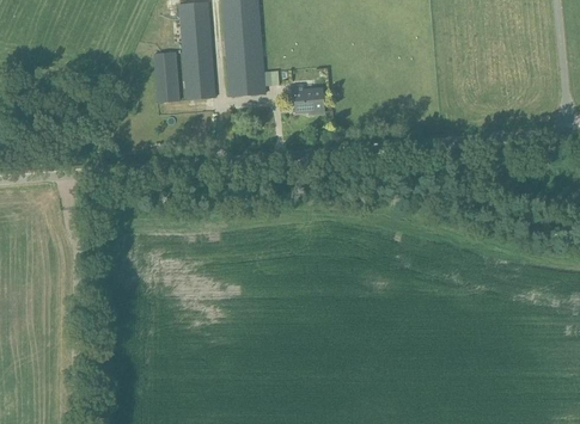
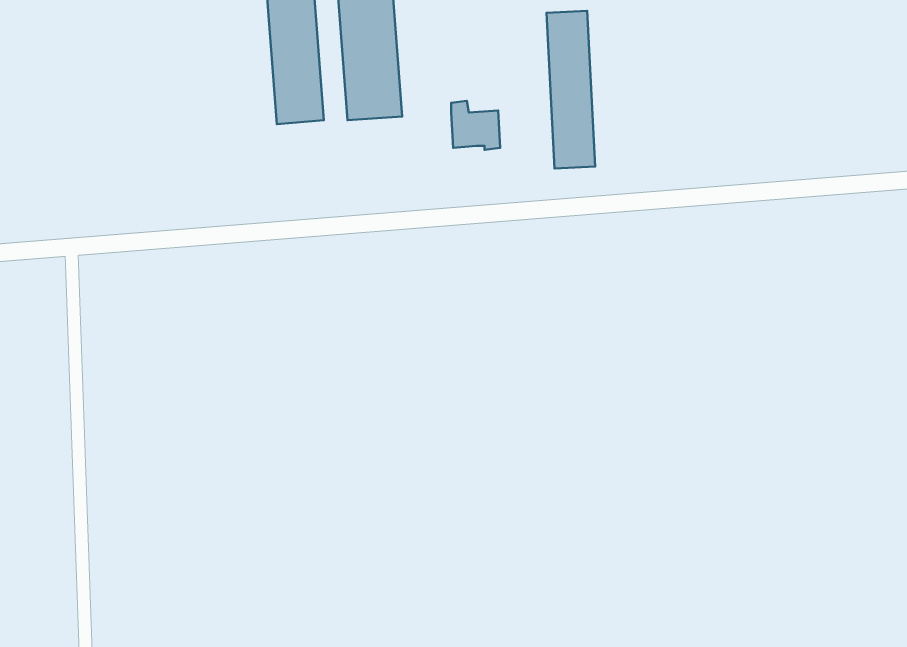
building: none -> [546,11,595,168]
building: [153,54,178,100] -> none

